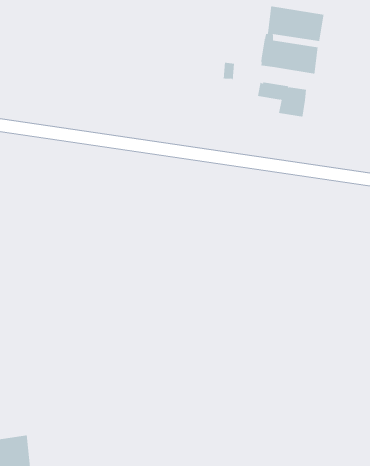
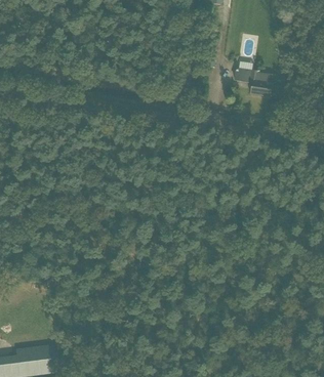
building: [260,6,324,75] -> none

